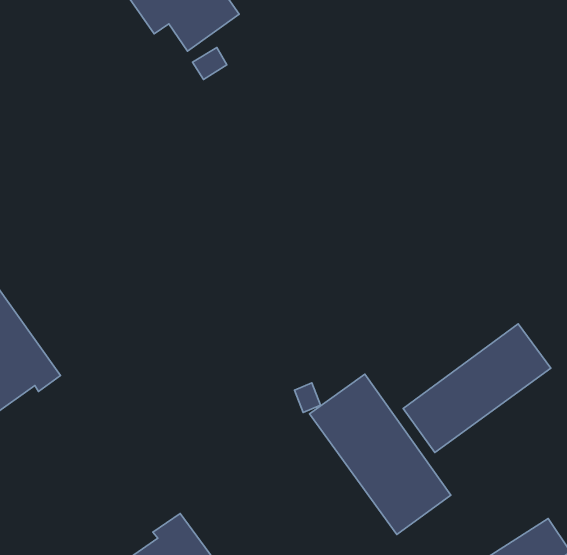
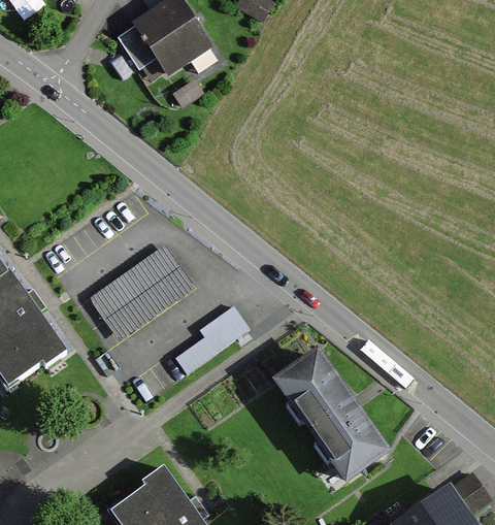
building: none -> [90,244,191,336]
building: none -> [174,305,248,371]
building: [403,324,551,452] -> none

